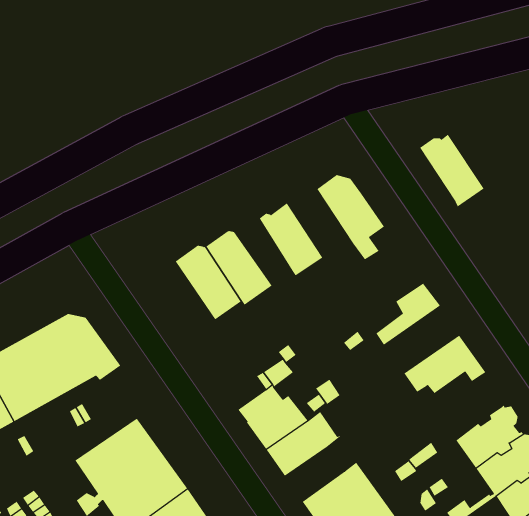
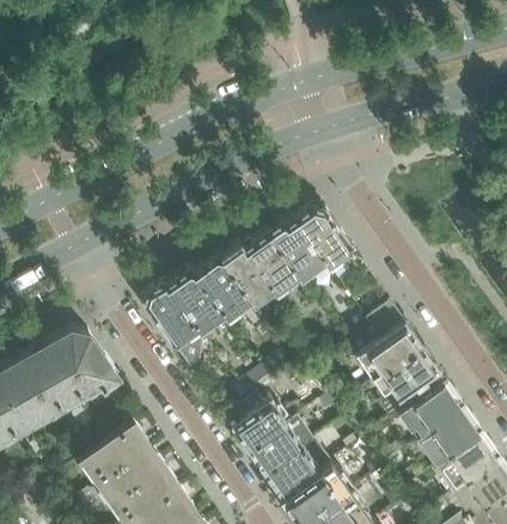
building: [419,134,484,207] -> [270,223,329,288]
building: none -> [224,246,275,309]
building: none -> [146,285,207,374]
building: none -> [356,327,426,388]
building: none -> [401,389,462,447]
building: none -> [268,444,334,502]

